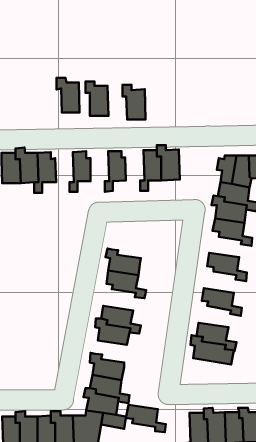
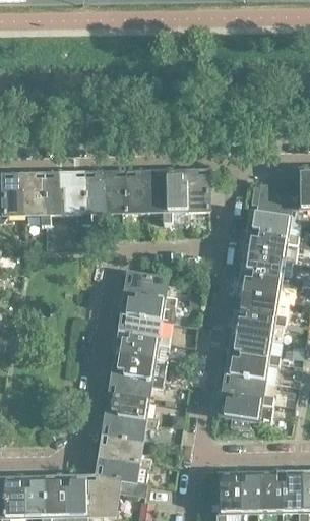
building: [57,78,80,112] -> [59,171,85,211]
building: [86,81,109,116] -> [100,170,126,210]
building: [123,85,146,119] -> [140,169,167,209]
building: none -> [238,266,278,297]
building: none -> [129,272,175,304]
building: none -> [232,306,272,338]
building: none -> [116,327,157,358]
building: none -> [226,346,266,378]
building: [126,405,166,432] -> [110,393,156,424]

